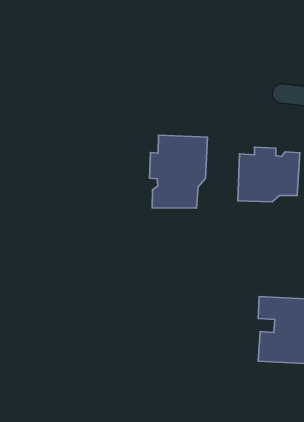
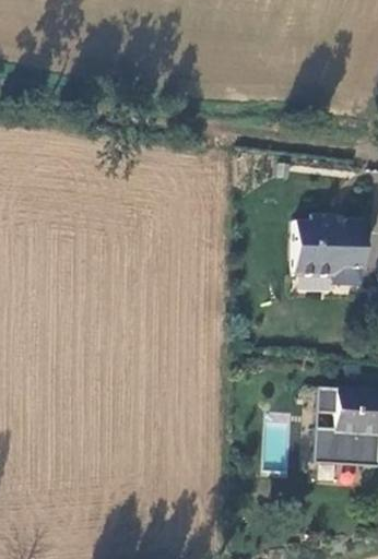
building: [150,135,208,208] -> none

